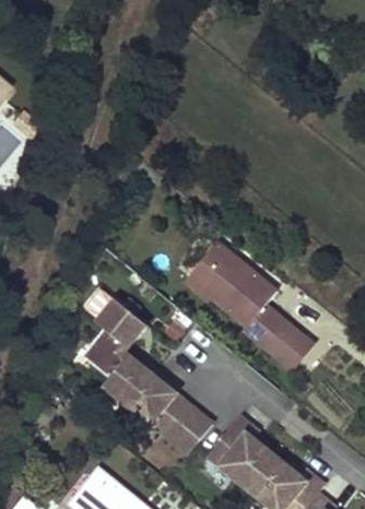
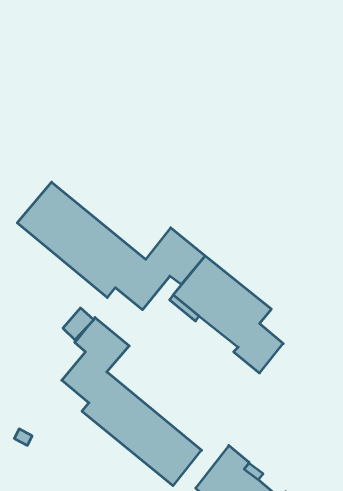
building: none -> [17,182,205,310]
building: [268,323,315,370] -> none

